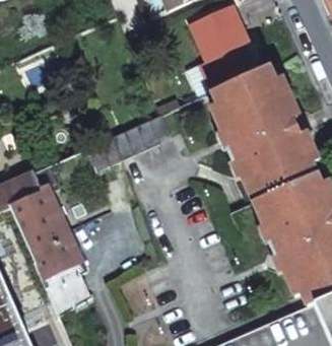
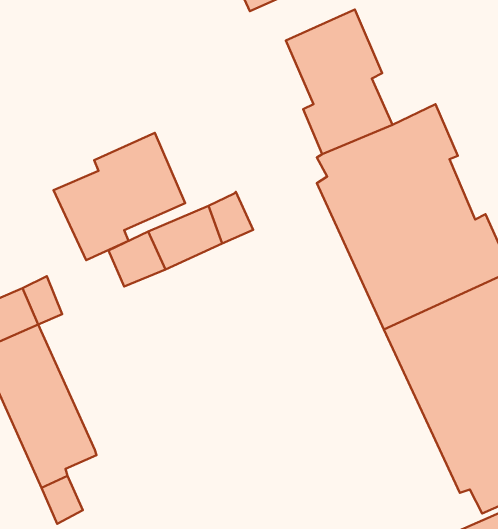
building: none -> [54,133,185,260]

